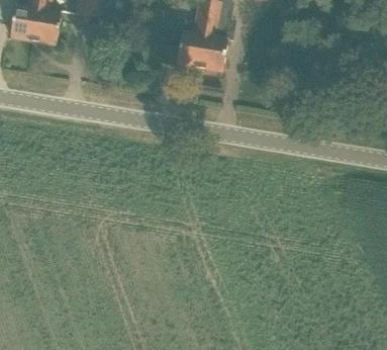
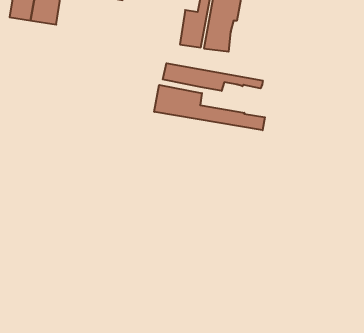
building: none -> [163,63,263,91]
building: none -> [154,85,265,130]

